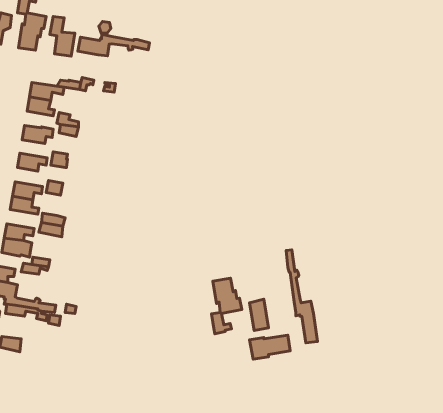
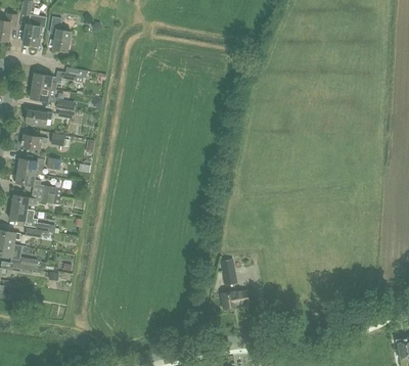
building: [78,34,149,56] -> none
building: [286,250,318,343] -> none
building: [211,278,242,334] -> none

